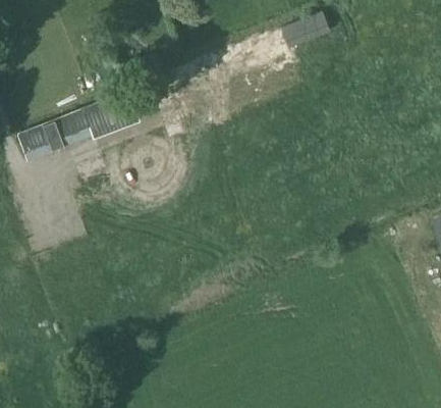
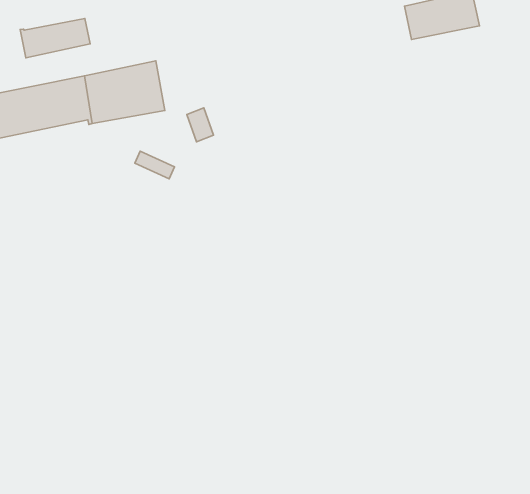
building: none -> [20,18,90,58]

